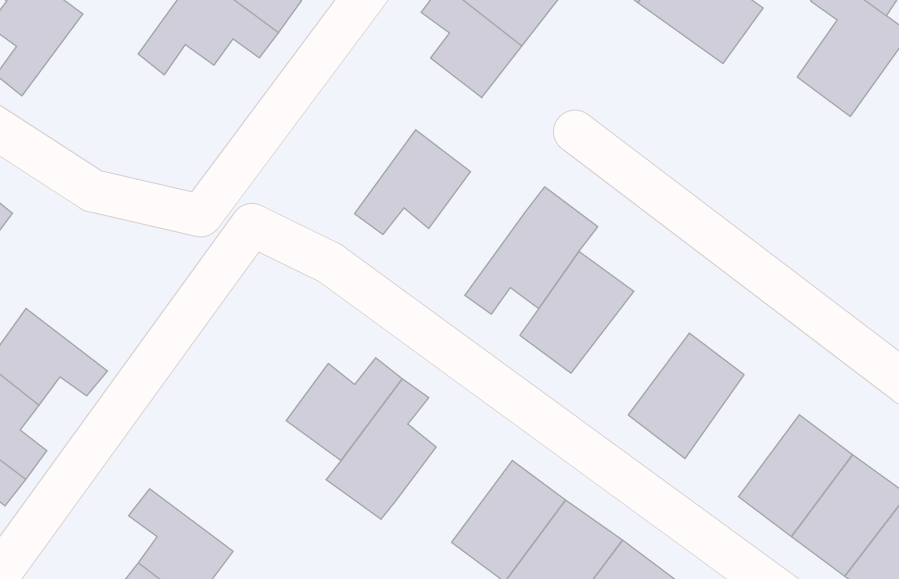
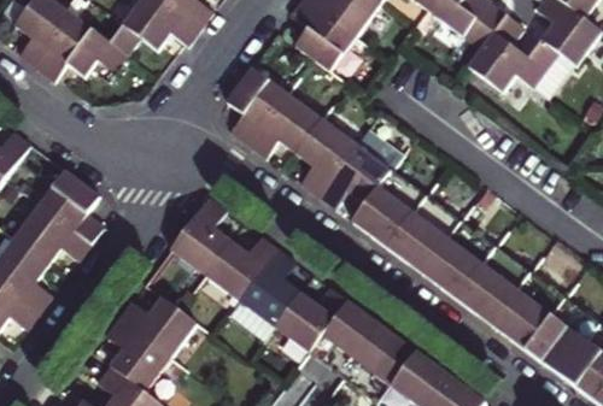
building: none -> [469,13,562,99]
building: none -> [36,17,127,81]
building: none -> [226,65,286,143]
building: none -> [294,117,356,195]
building: none -> [39,169,104,243]
building: none -> [385,193,459,271]
building: none -> [169,196,230,275]
building: none -> [457,246,529,323]
building: none -> [274,286,347,352]
building: none -> [117,295,197,358]

